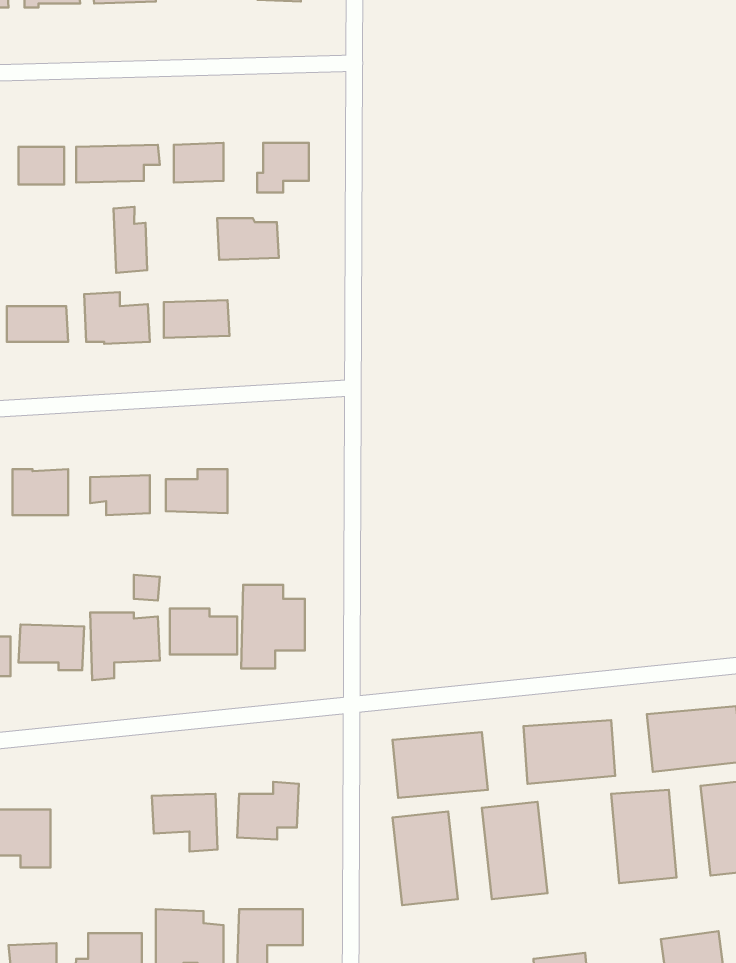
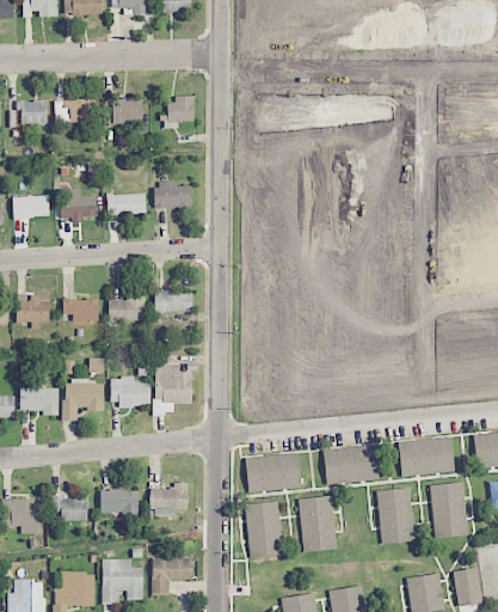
building: [113,207,147,273] -> none
building: [217,218,279,260] -> [154,183,191,208]
building: none -> [155,292,192,312]
building: none -> [51,492,88,521]

